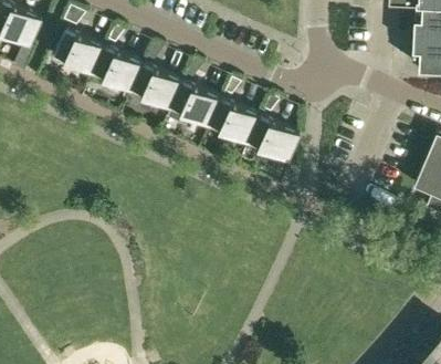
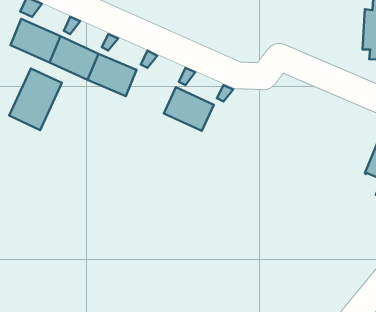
building: none -> [9,68,62,130]
building: [170,81,221,125] -> none
building: [248,116,298,160] -> none

